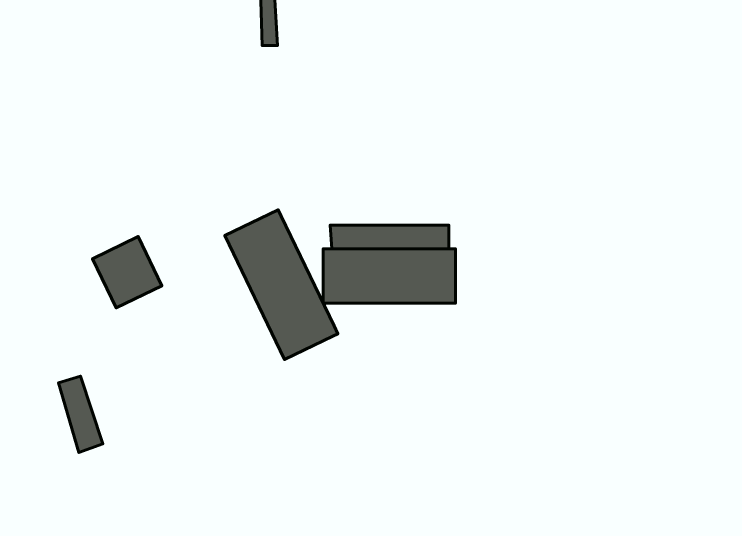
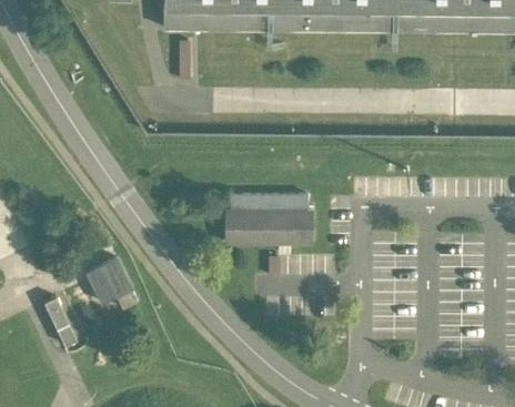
building: [225,210,338,360] -> none
building: [92,237,162,308] -> [80,256,125,303]

